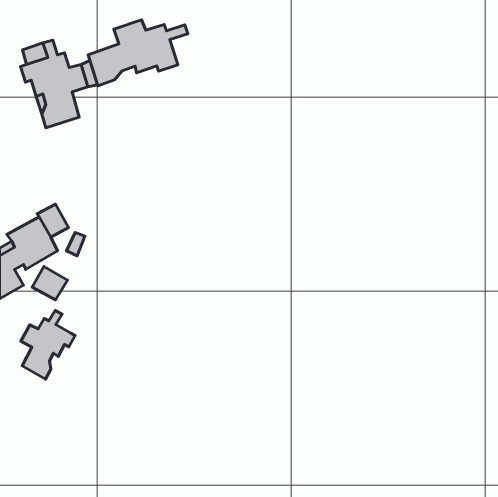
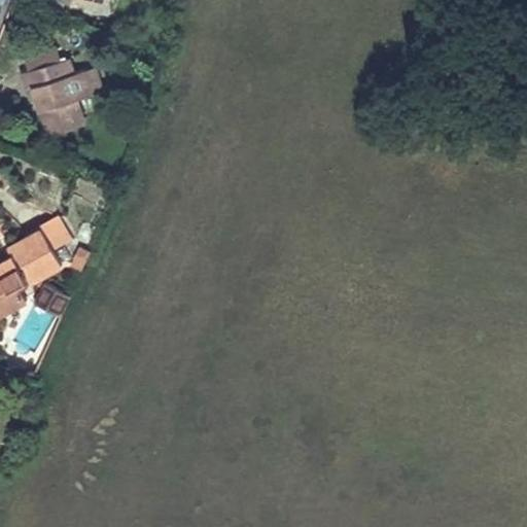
building: [88,20,188,86] -> none
building: [21,310,75,379] -> none

